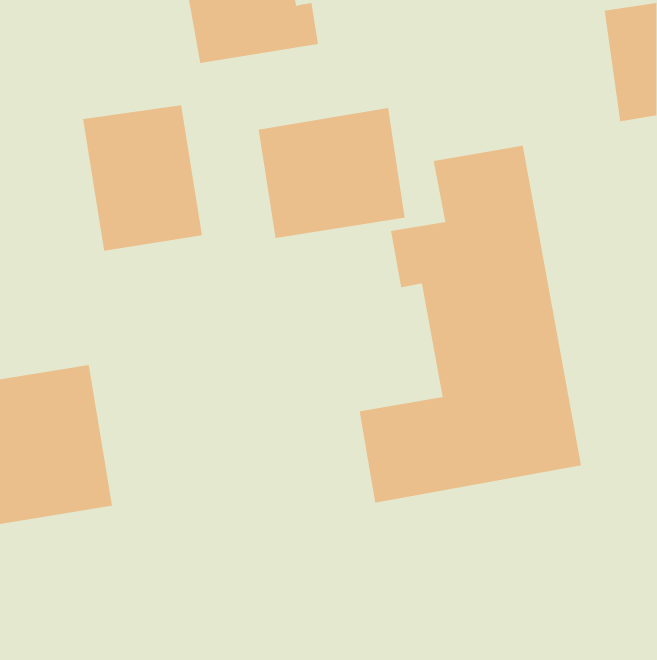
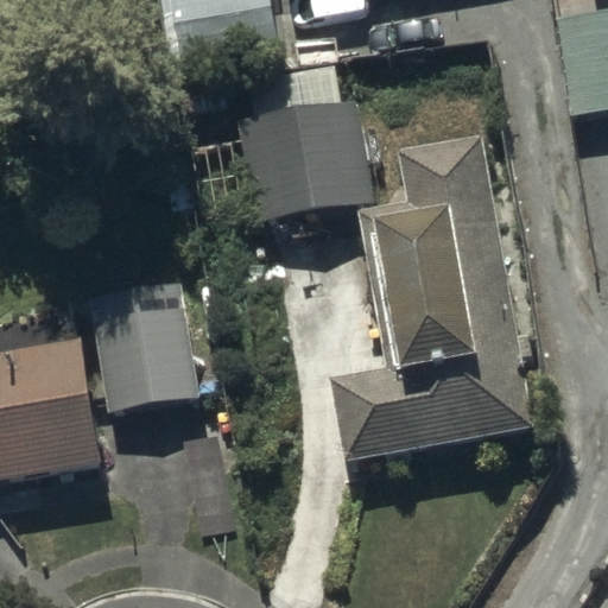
building: [82,105,203,252] -> none
building: none -> [88,284,195,411]

